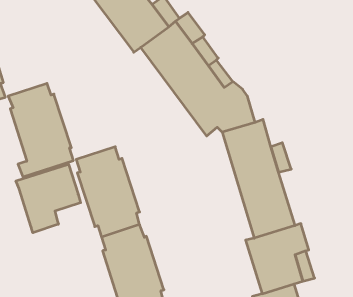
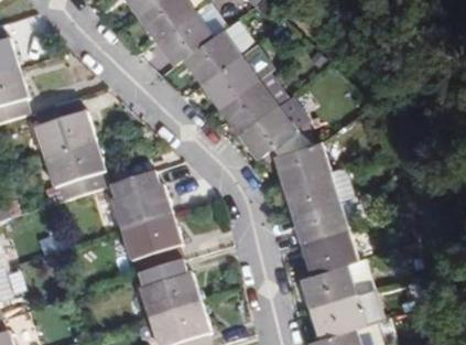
building: [16,164,81,233] -> none

